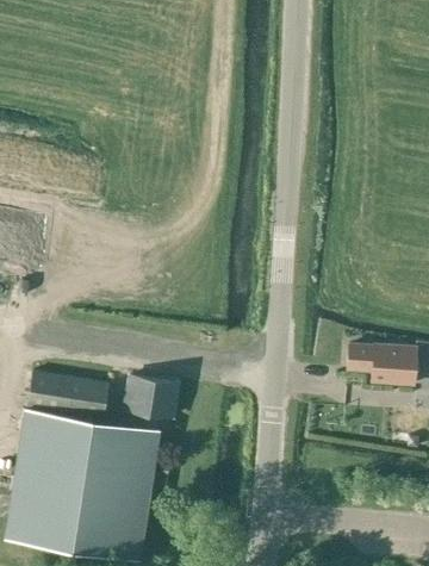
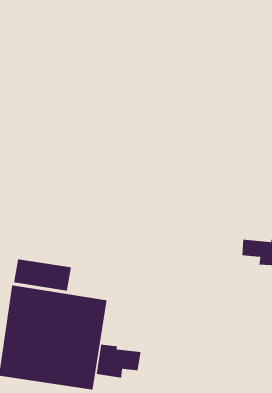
building: [123,377,180,429] -> none
building: none -> [96,344,141,379]

